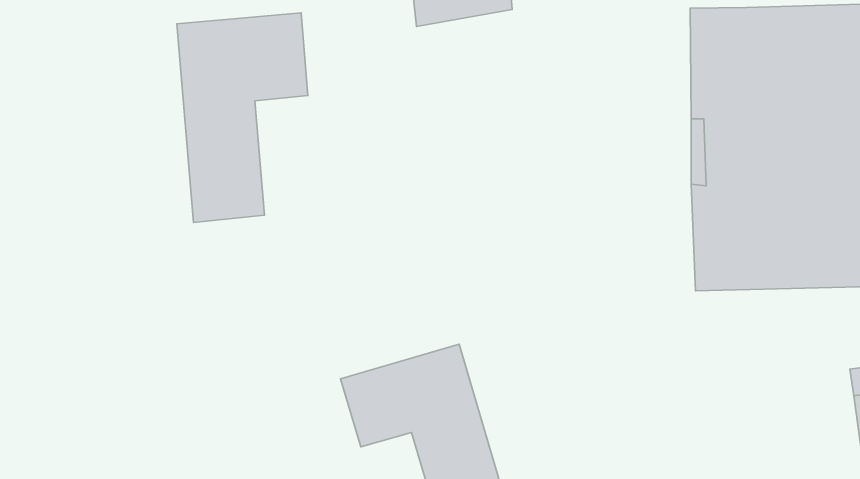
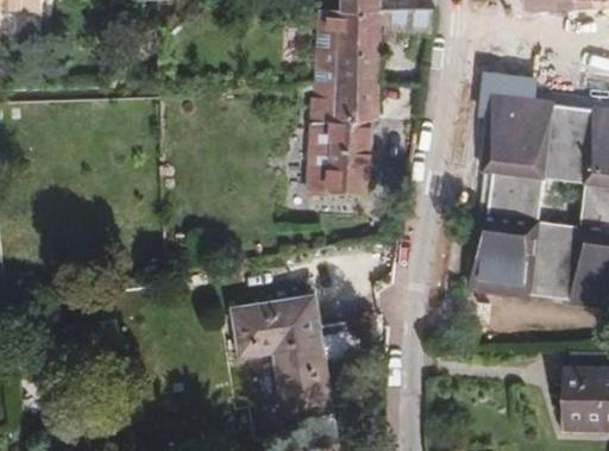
building: none -> [308,82,378,193]
building: [177,13,308,223] -> none

